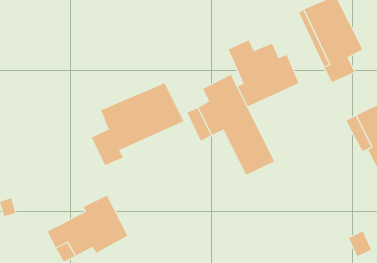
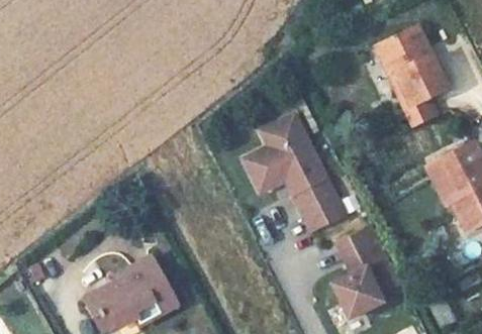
building: [228,40,299,107] -> none
building: [91,82,184,166] -> none
building: none -> [331,225,401,319]

